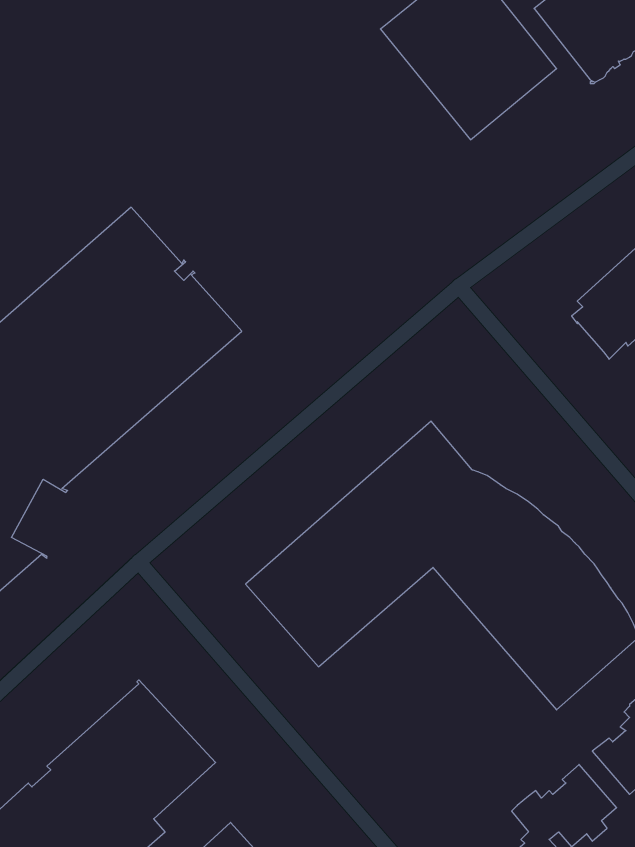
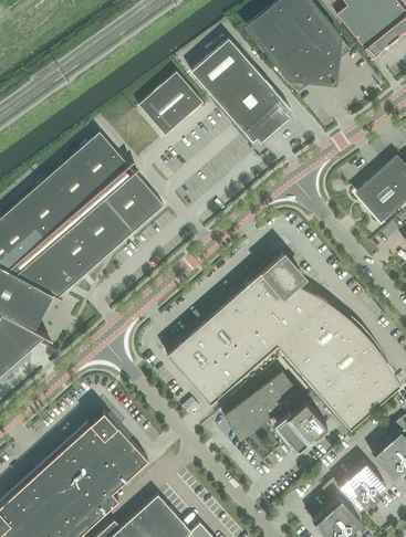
building: none -> [190,39,290,143]
building: none -> [138,73,202,136]
building: none -> [222,371,325,449]

